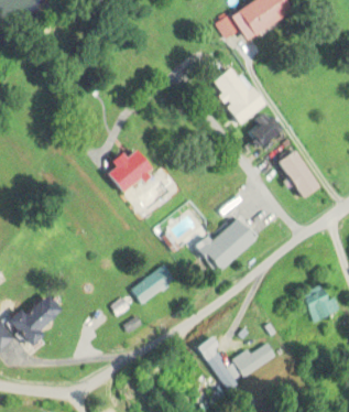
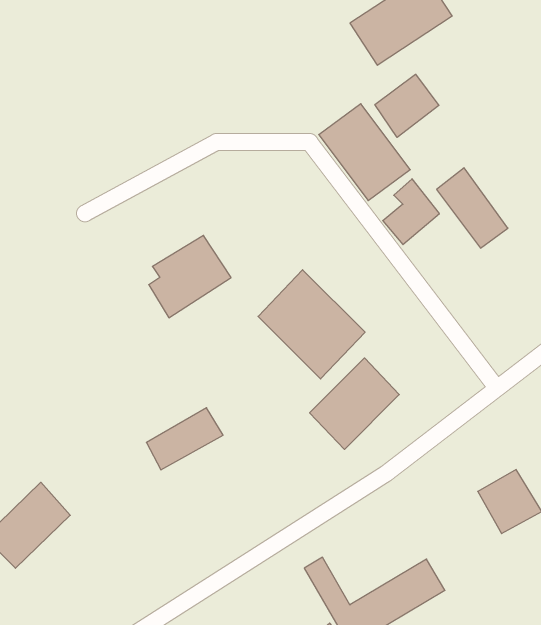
building: none -> [375,74,439,137]
building: [275,149,318,197] -> [437,168,508,248]
building: none -> [258,270,365,379]
building: [134,265,181,303] -> [146,408,223,470]

